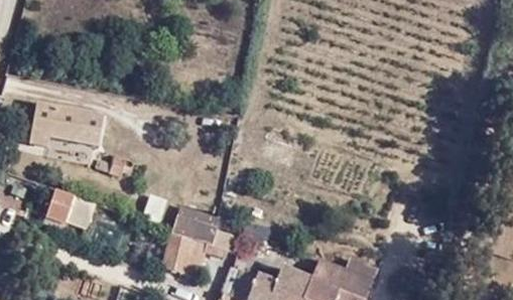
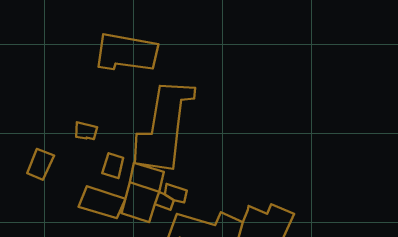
building: [29,103,104,146] -> [98,34,159,69]
building: none -> [135,86,195,169]
building: none -> [79,186,125,218]

